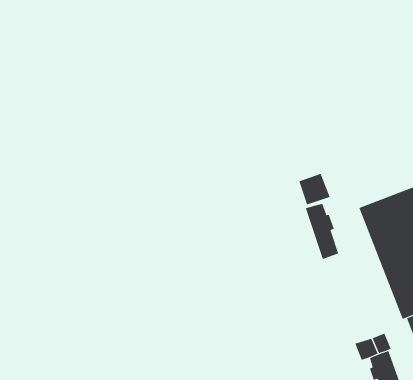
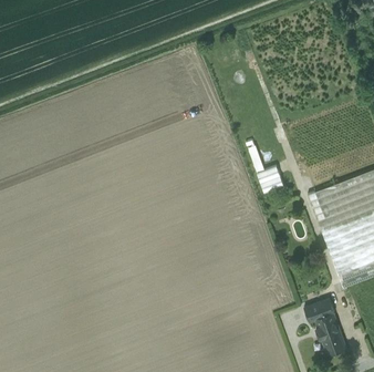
building: [305,203,339,260] -> none

